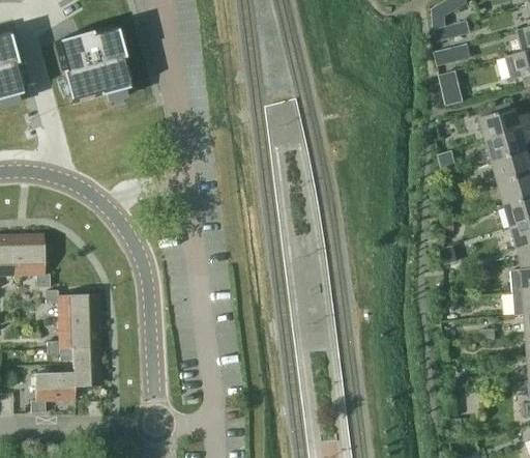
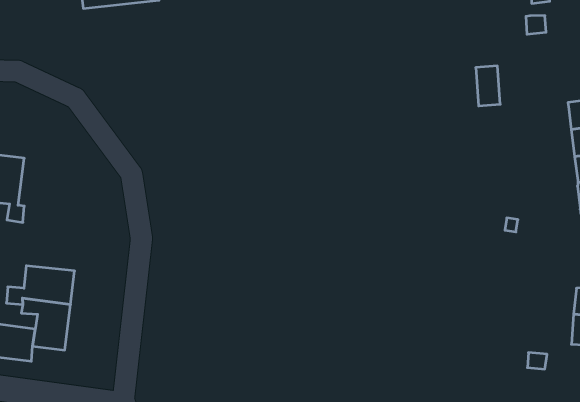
building: [439,70,464,106] -> [476,66,500,106]
building: [43,290,97,322] -> none

